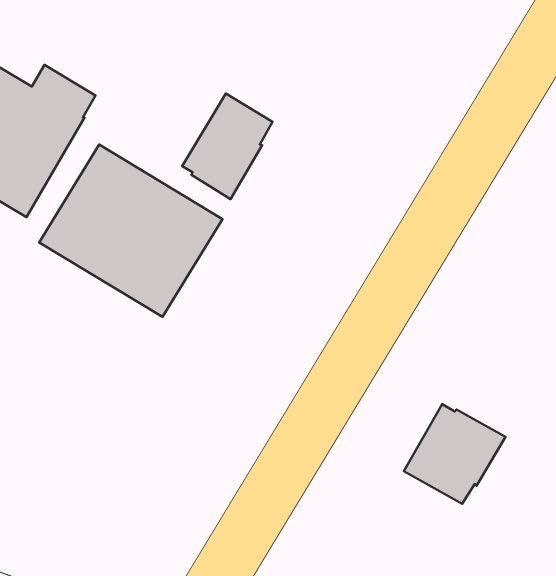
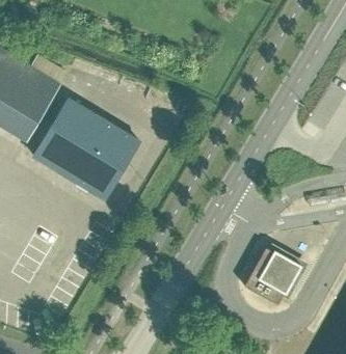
building: [182,93,273,199] -> none

